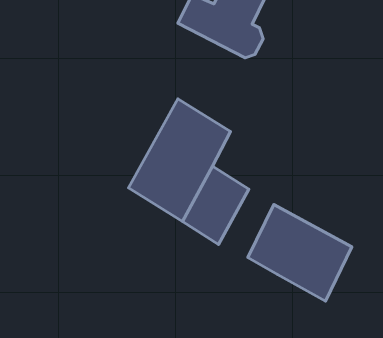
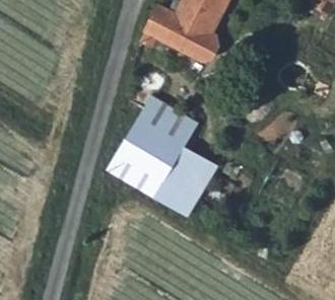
building: [248,204,352,301] -> none

